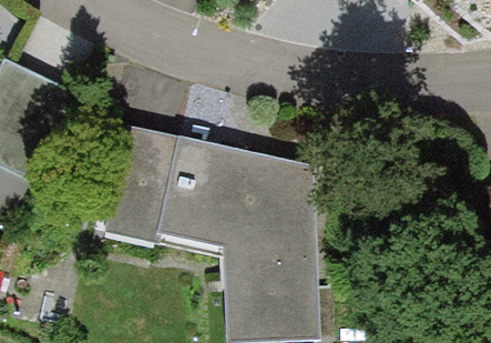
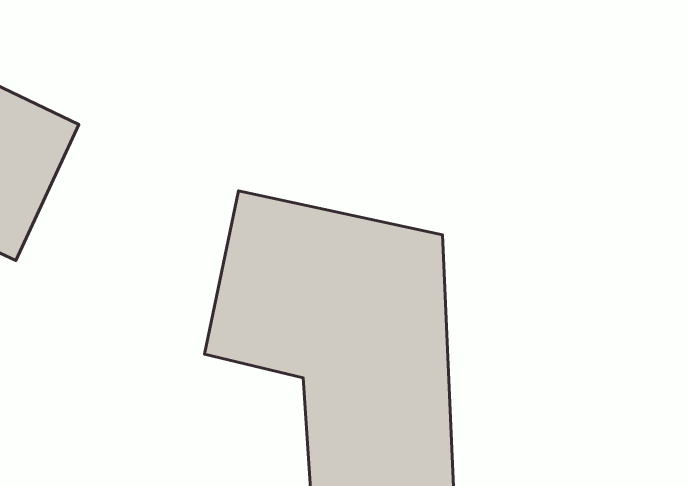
building: [105,125,180,243] -> none

